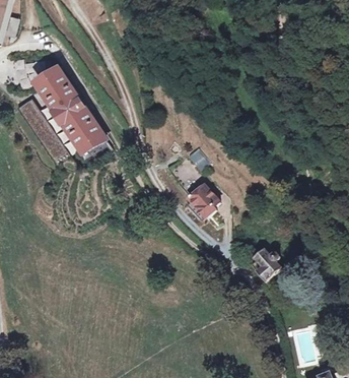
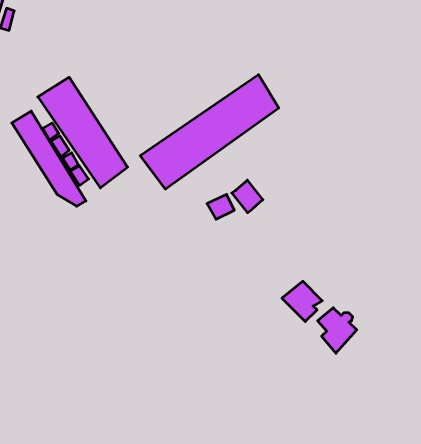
building: none -> [140,75,279,189]
building: [190,189,221,220] -> [282,281,322,322]

